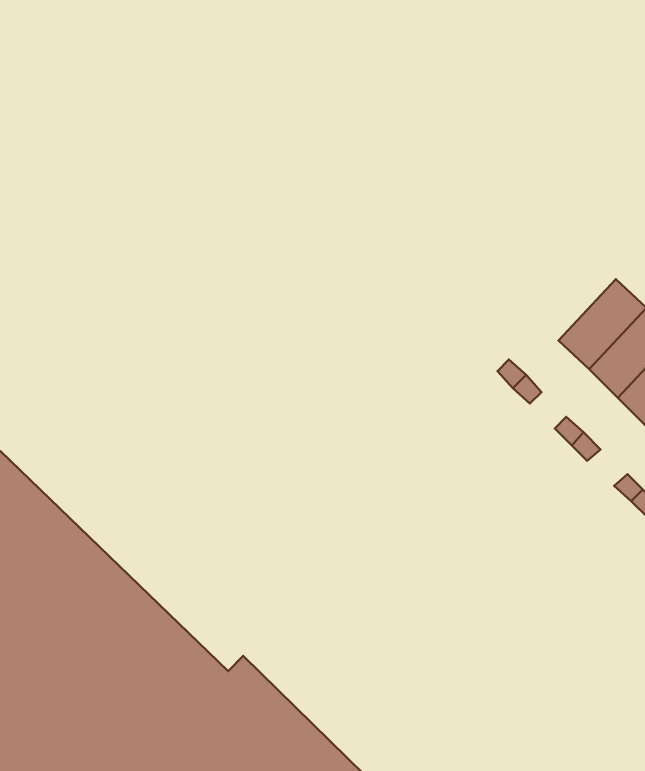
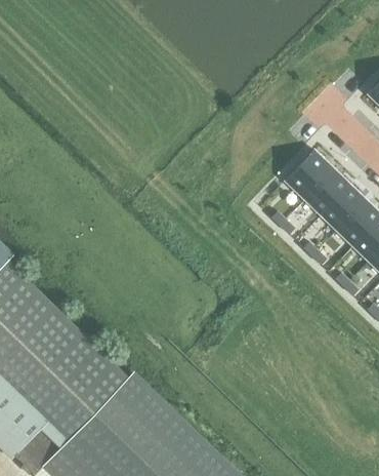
building: none -> [283,148,334,200]

